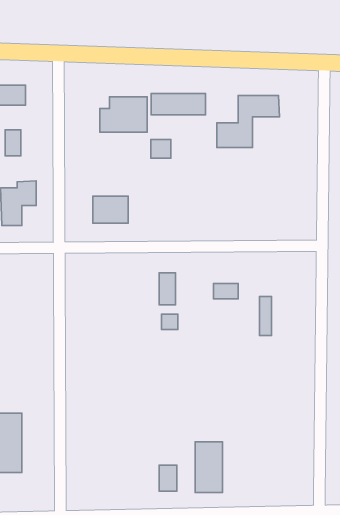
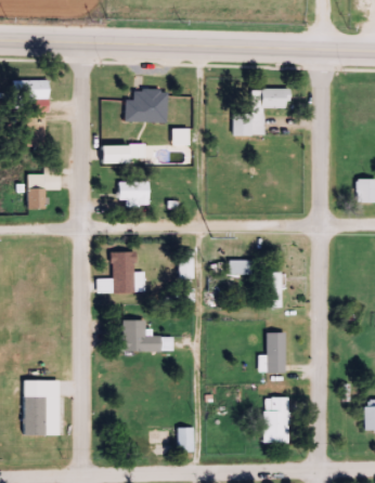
building: [151,94,206,115] -> [96,145,146,165]
building: none -> [96,252,146,295]
building: none -> [119,321,172,353]
building: none -> [266,334,284,373]
building: [195,442,222,493] -> [263,397,288,444]

